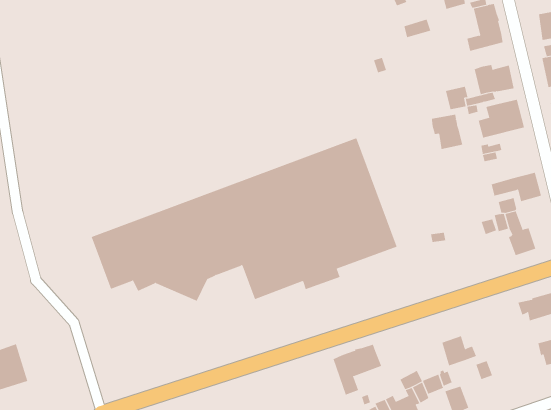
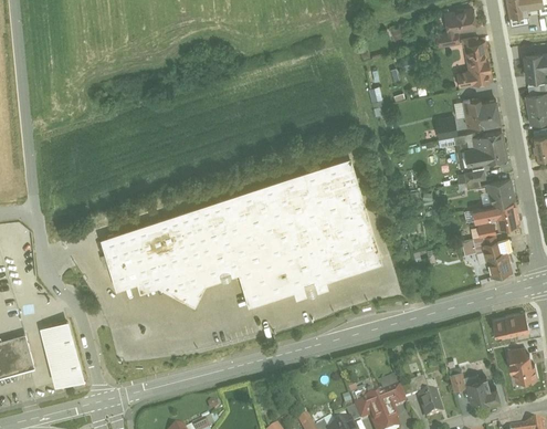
building: [432,114,463,150] -> none
building: none -> [486,179,514,205]
building: none -> [39,318,84,385]
building: [441,336,477,366] -> [466,378,498,406]
building: [333,344,382,396] -> none

